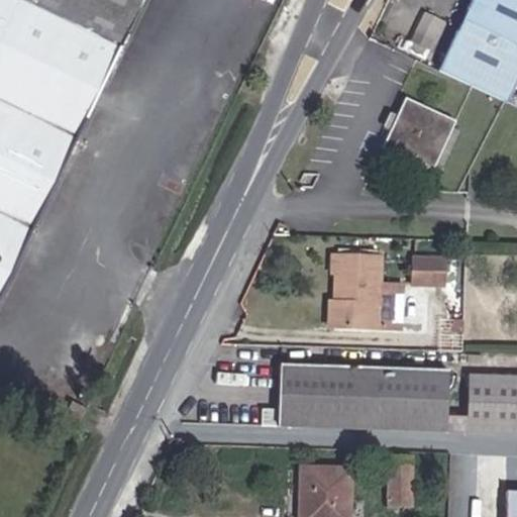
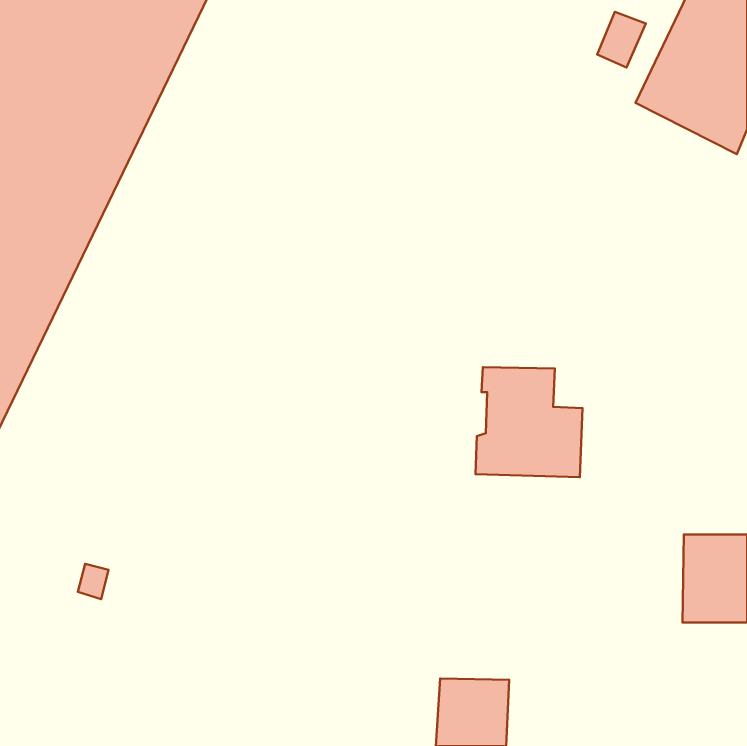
building: [379,96,453,172] -> none
building: [412,254,445,283] -> none
building: [261,365,450,428] -> none
building: [391,456,411,504] -> none

